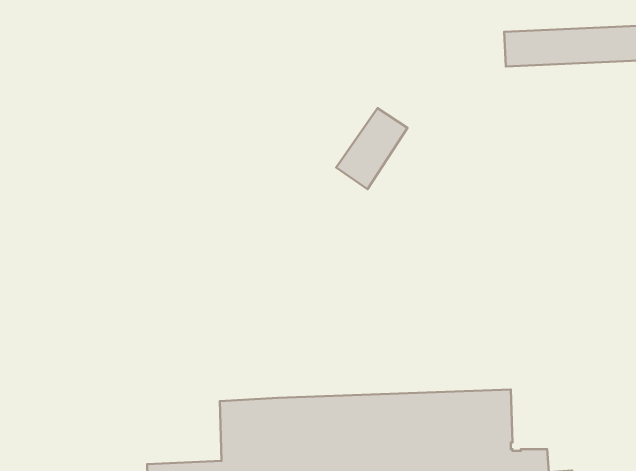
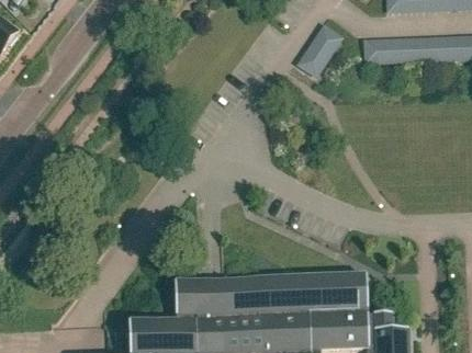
building: [336,108,407,189] -> [296,20,344,73]

